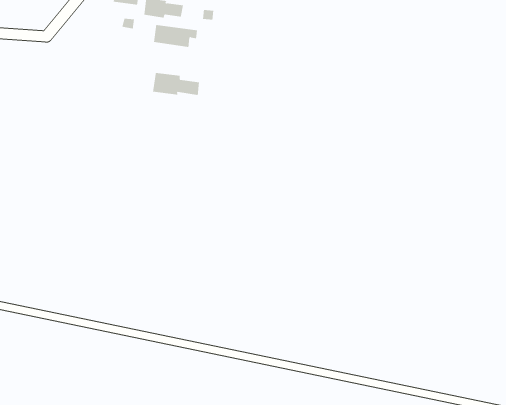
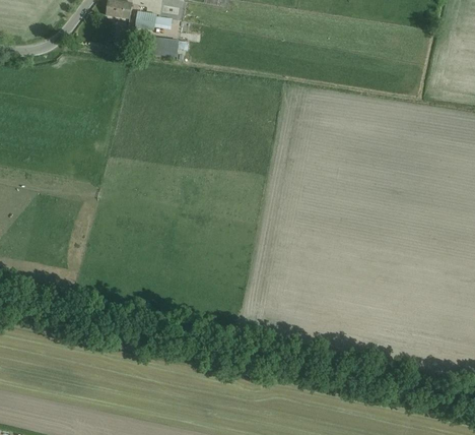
building: [152,72,199,96] -> none

